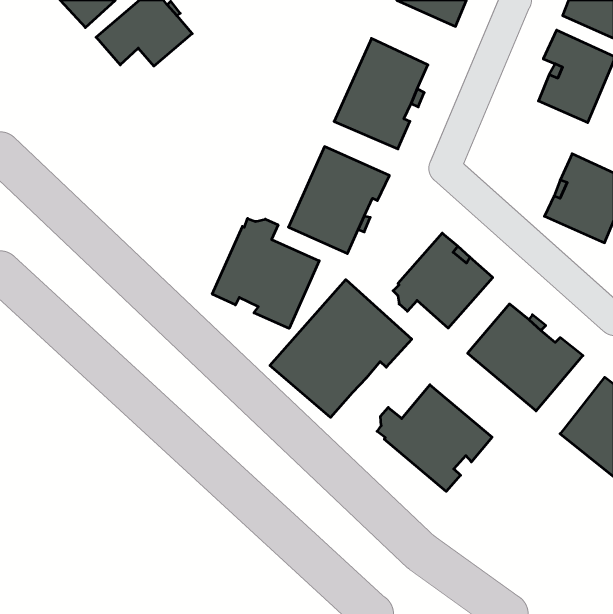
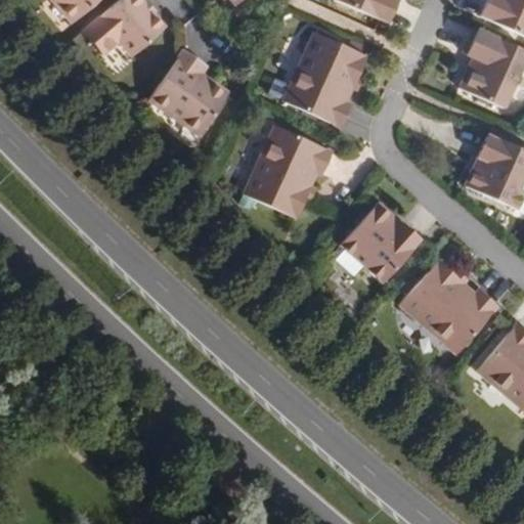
building: none -> [149,50,226,135]
building: [212,218,319,328] -> none
building: [270,280,412,417] -> none
building: [377,385,492,491] -> none

